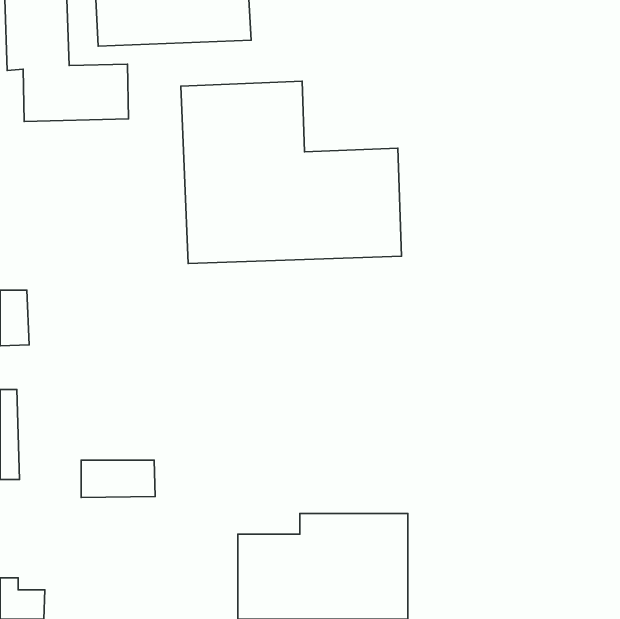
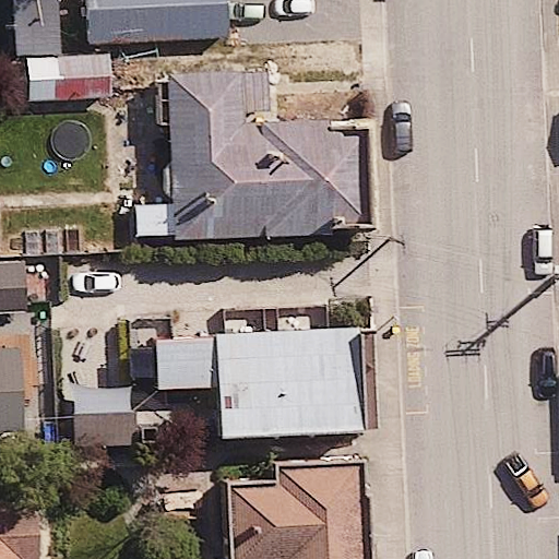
building: none -> [150,321,378,448]

